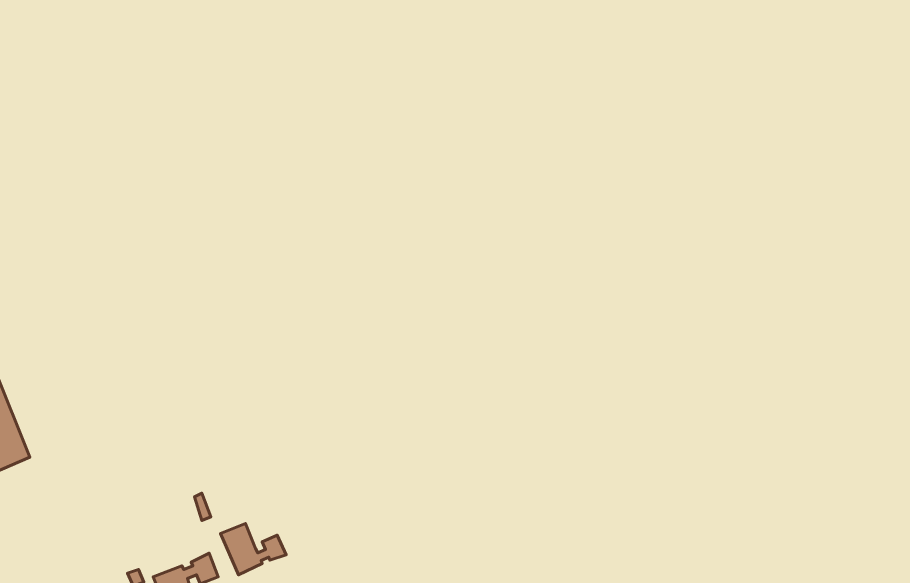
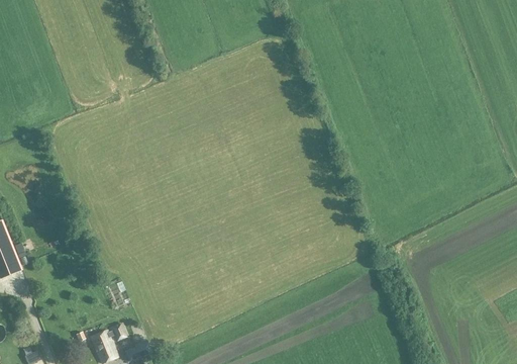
building: [221,524,286,575] -> none

